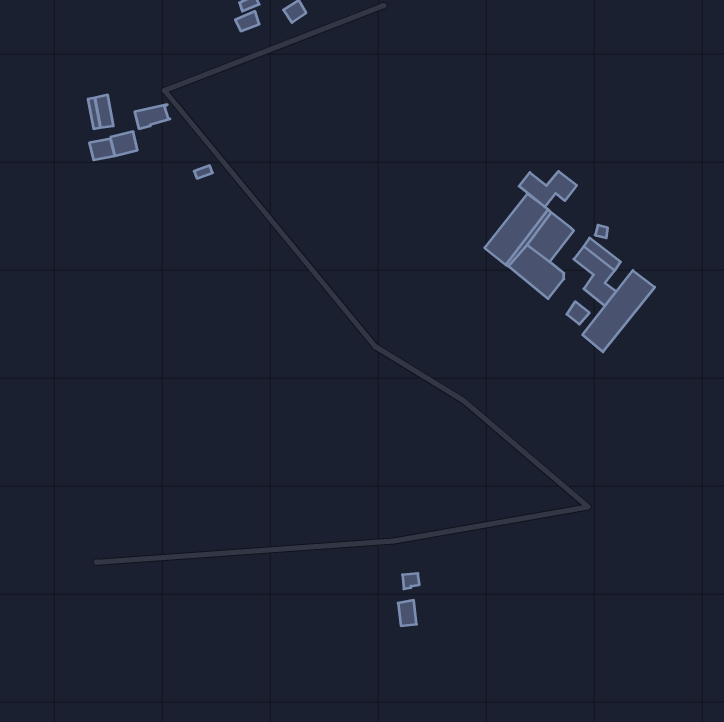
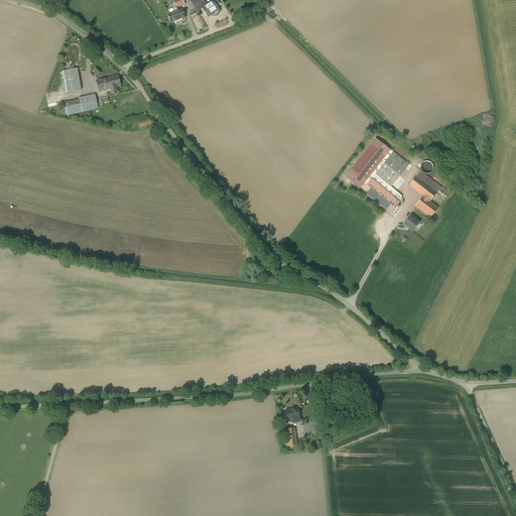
building: [519,171,577,207] -> none
building: [583,270,655,352] -> none

